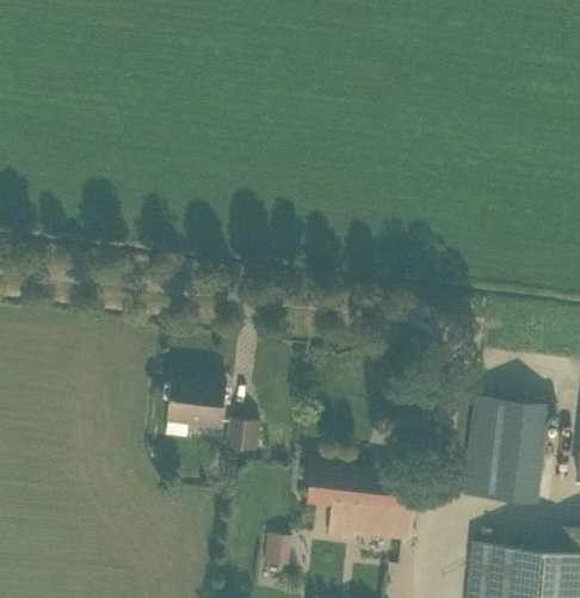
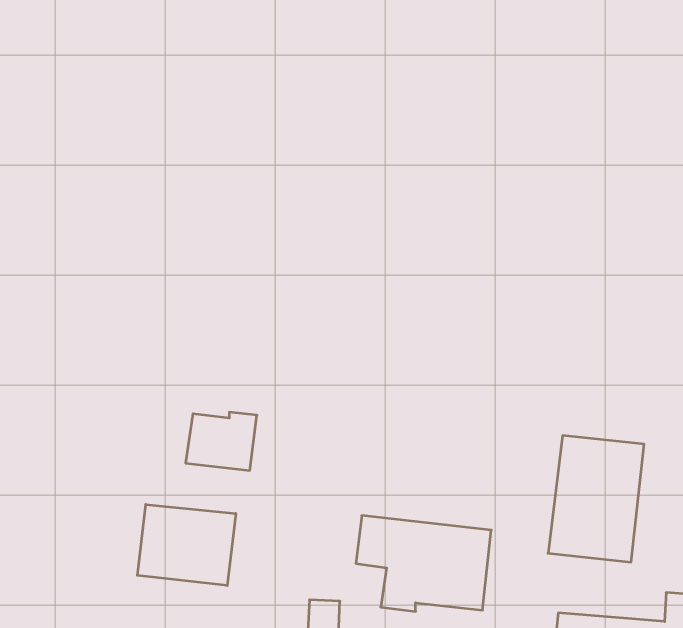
building: [227,419,259,451] -> none
building: none -> [137,504,236,586]

